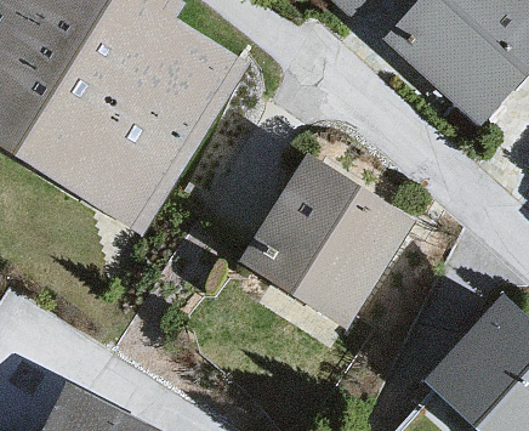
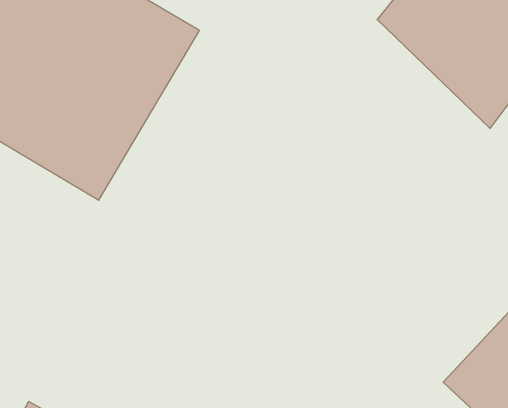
building: [255,158,405,308] -> none

